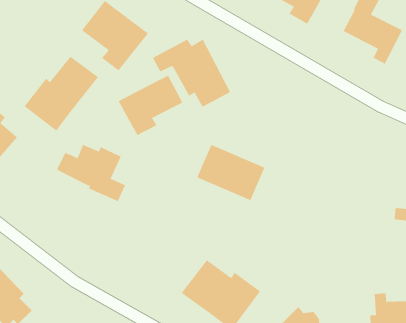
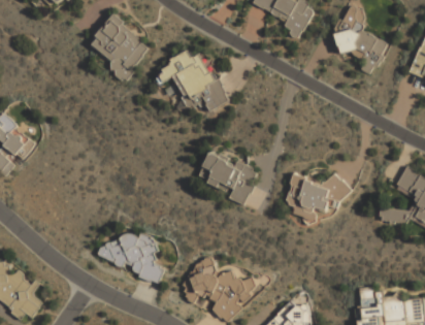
building: [24,56,99,131] -> none
building: [118,75,183,136] -> none
building: [56,144,126,202] -> [99,231,164,285]
building: none -> [285,176,348,210]

